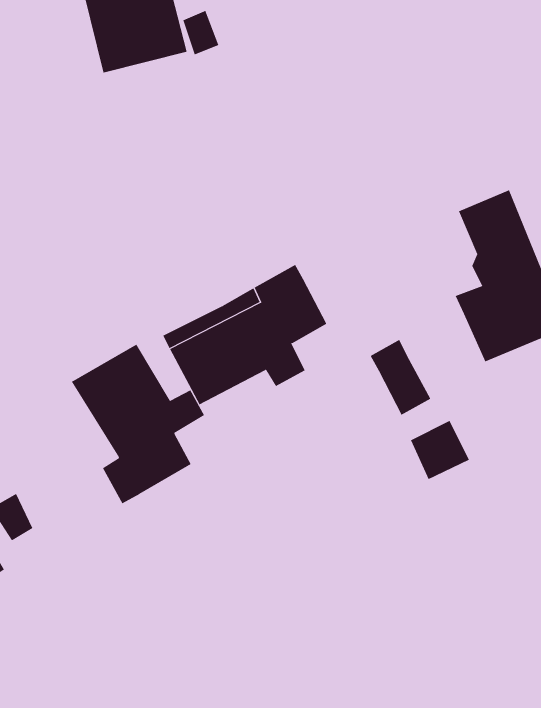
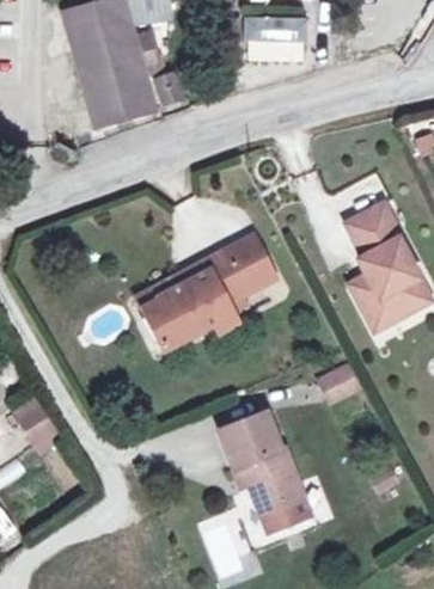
building: [370,339,431,416] -> [234,240,279,295]
building: [71,344,205,504] -> none
building: none -> [215,410,313,534]

